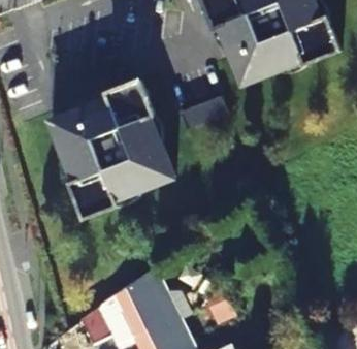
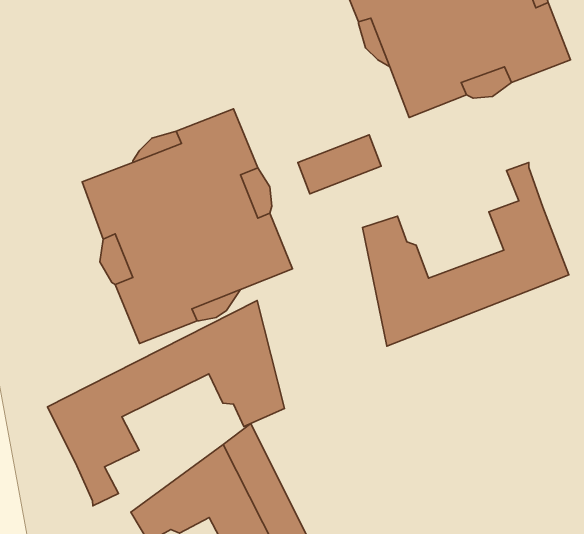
building: none -> [362,162,569,346]
building: none -> [48,300,284,506]

